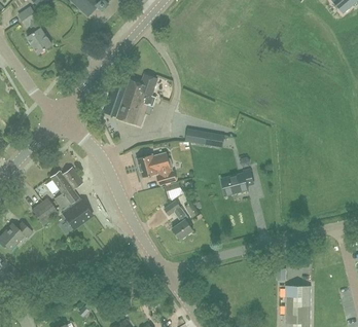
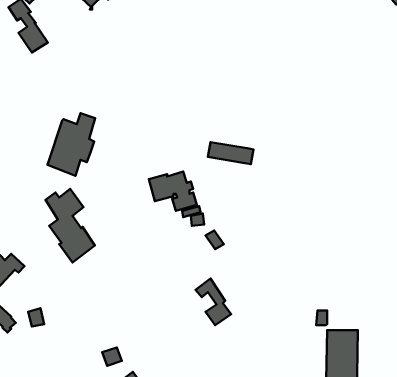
building: [116,73,156,125] -> [47,113,95,176]
building: [220,169,252,194] -> none
building: [30,196,58,223] -> none
building: [163,199,192,239] -> [196,279,231,325]

